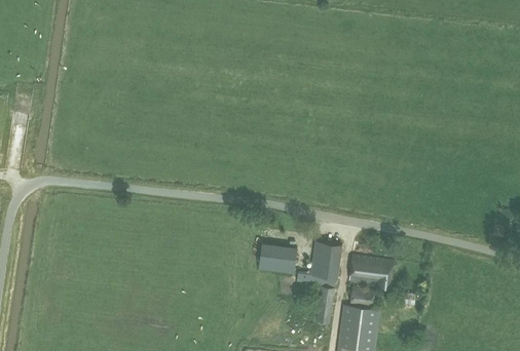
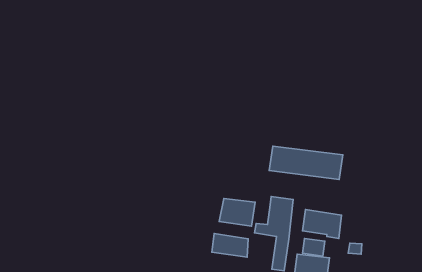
building: none -> [269,146,343,179]
building: none -> [212,233,248,257]

